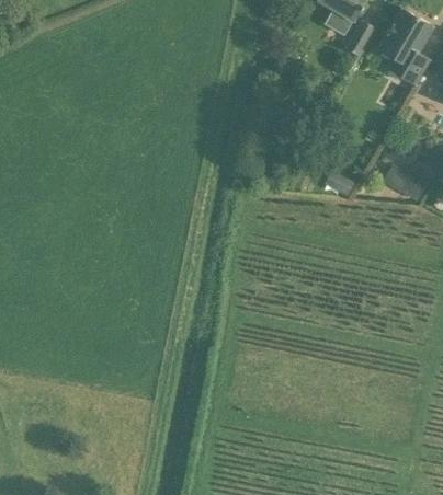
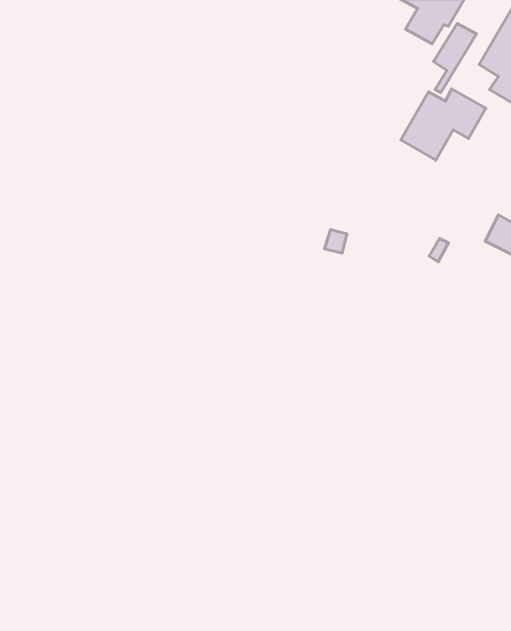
building: none -> [401,89,486,160]

